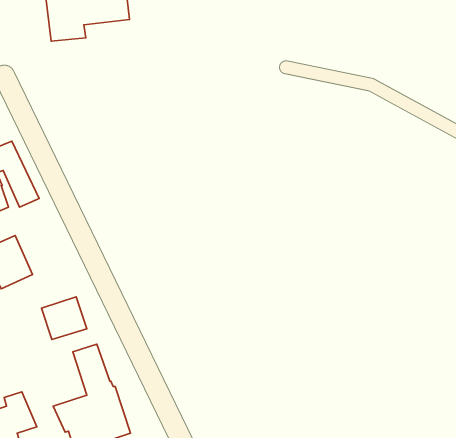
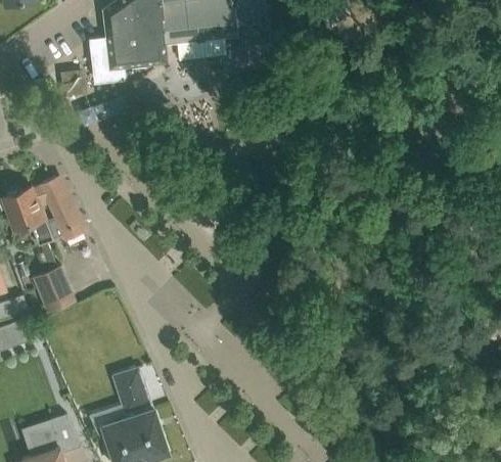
building: [42,297,87,339] -> none

